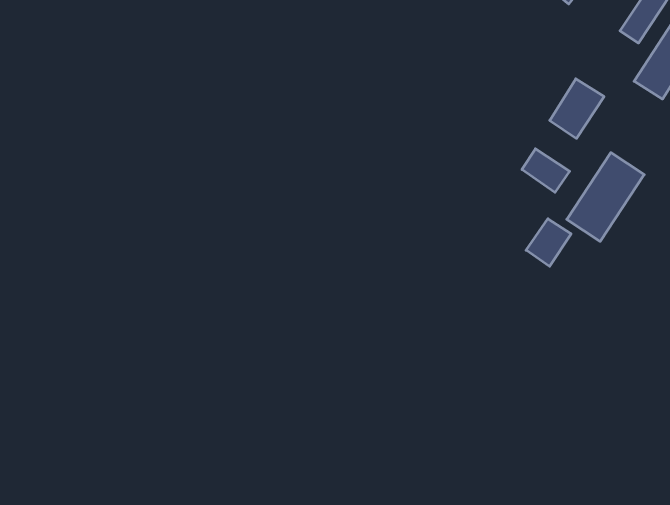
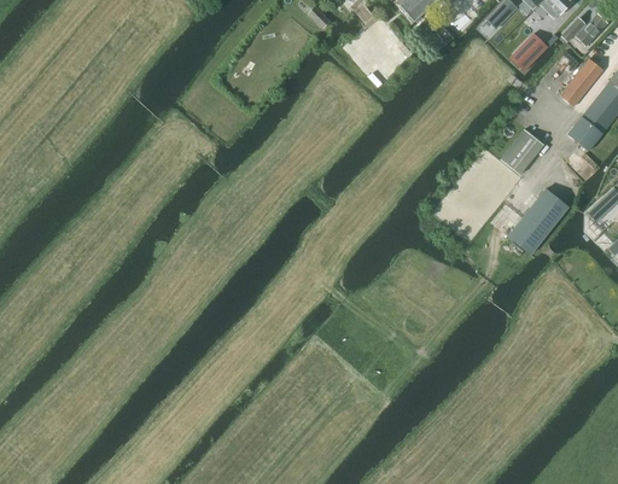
building: [522,149,570,192] -> none
building: [526,219,571,266] -> none

